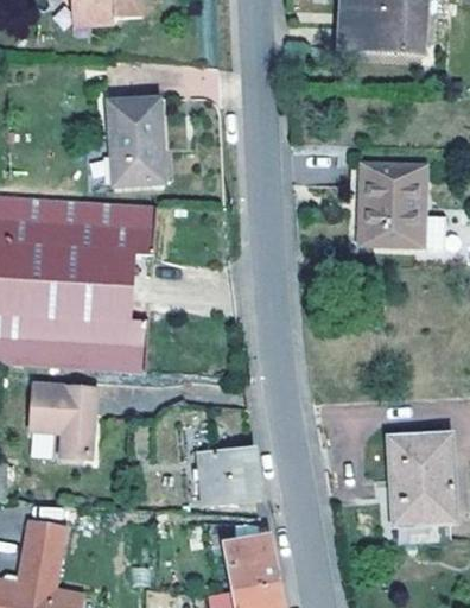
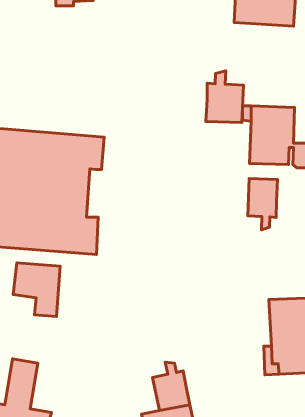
building: [108,97,164,185] -> none
building: none -> [206,71,243,123]
building: none -> [248,179,277,230]
building: [199,449,259,505] -> none

